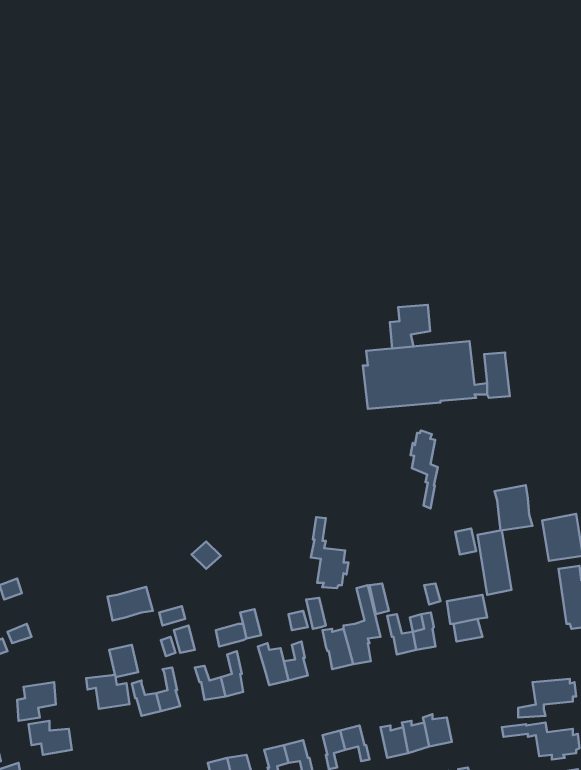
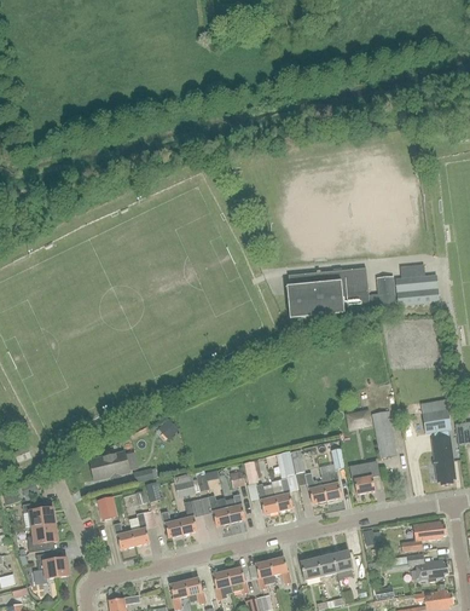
building: [390,305,430,348] -> none
building: none -> [396,276,439,306]
building: [410,430,438,509] -> none
building: [495,485,532,530] -> none
building: [311,517,348,588] -> none
building: [86,675,130,709] -> [23,502,56,528]

